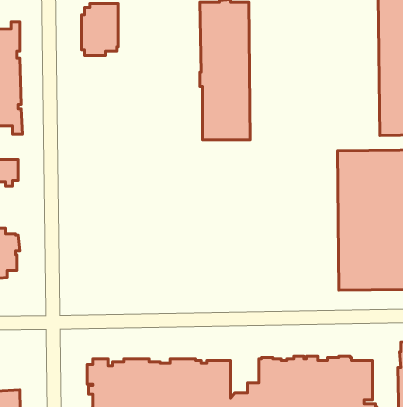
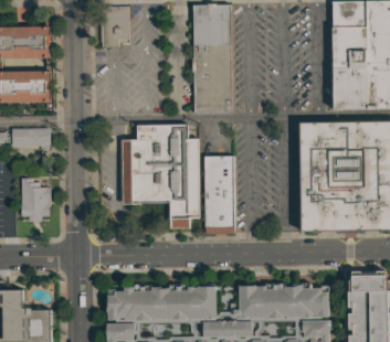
building: none -> [122,124,200,228]
building: none -> [204,154,235,234]

